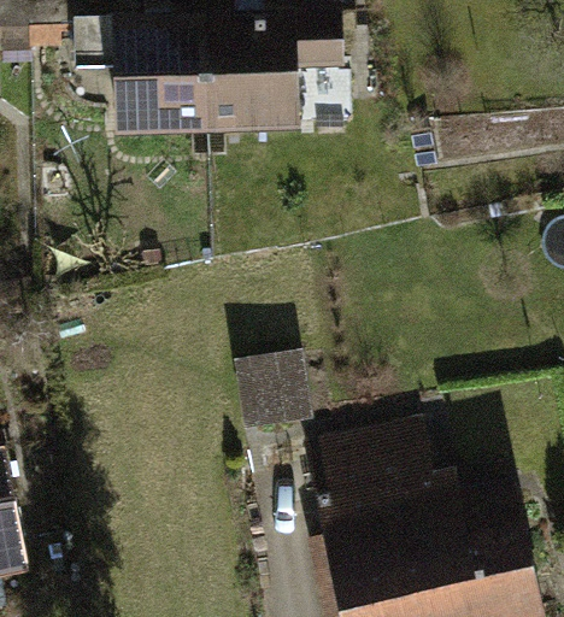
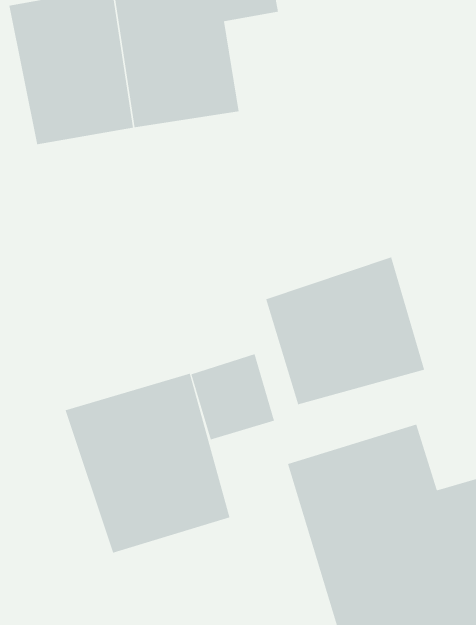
building: none -> [266,256,425,405]
building: none -> [65,373,230,553]

